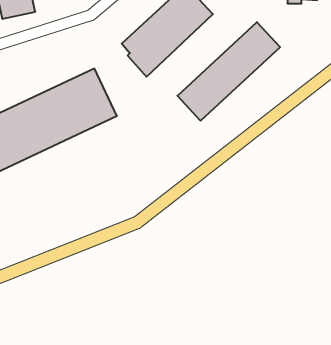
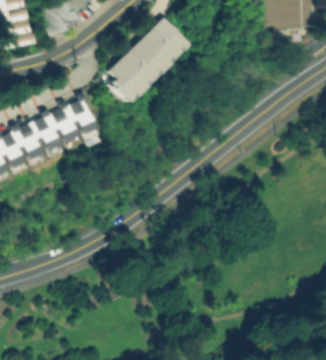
building: [177,22,280,121] -> none

